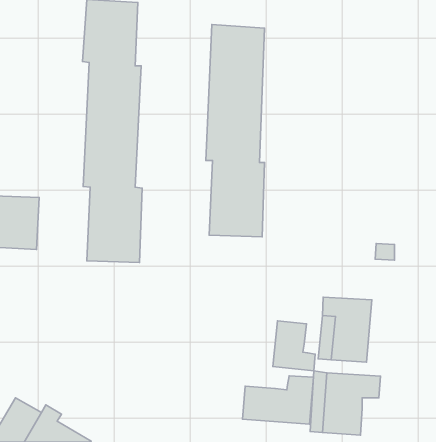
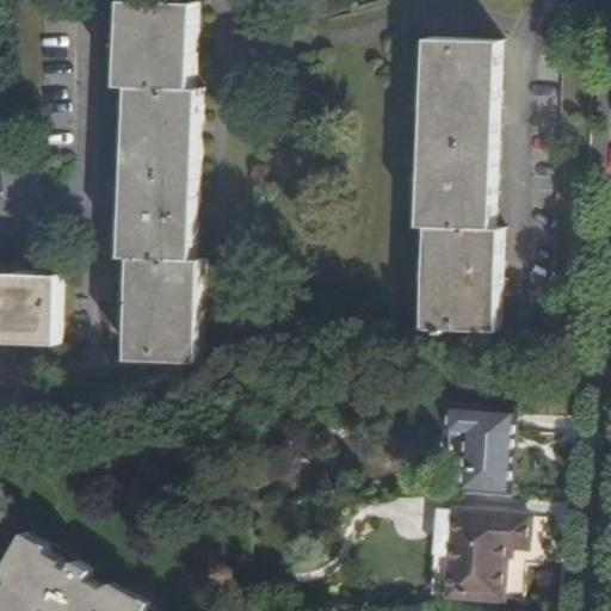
building: [206,25,265,237] -> [412,39,493,332]
building: [273,321,315,371] -> none
building: [243,376,313,424] -> none

